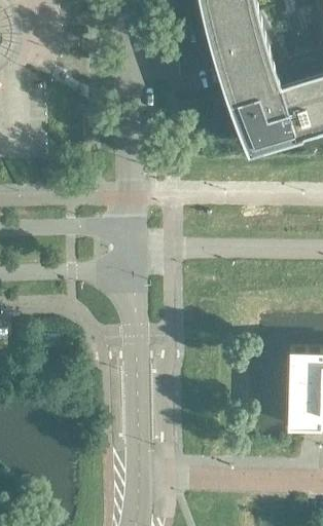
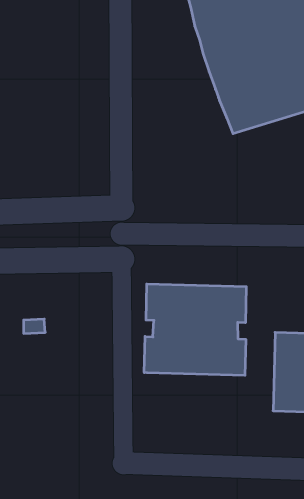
building: none -> [144,284,246,375]

